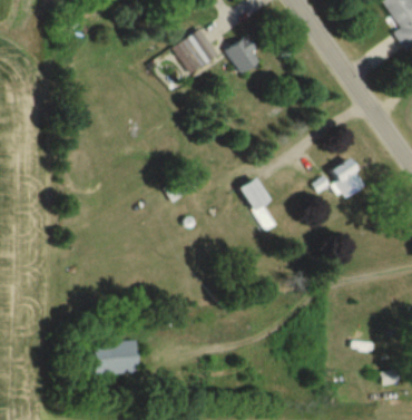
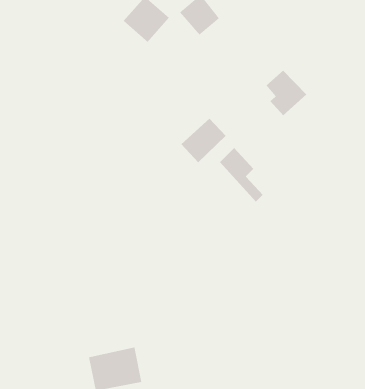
building: none -> [181,118,227,163]
building: [331,158,366,199] -> [266,70,307,116]

